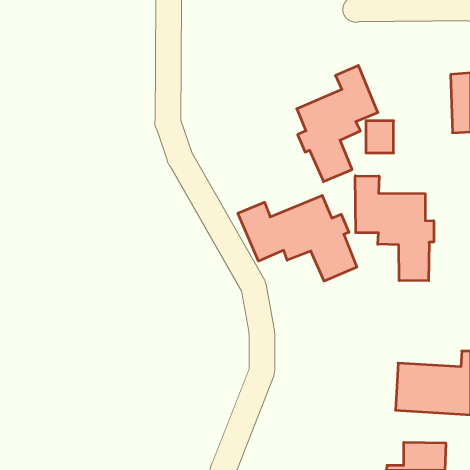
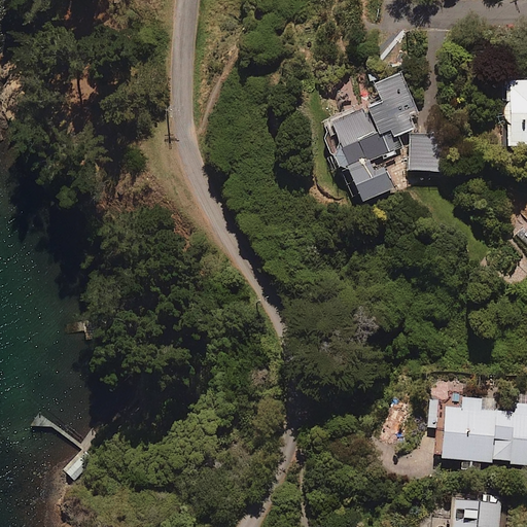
building: [355,176,434,281] -> none
building: [238,195,357,281] -> none

